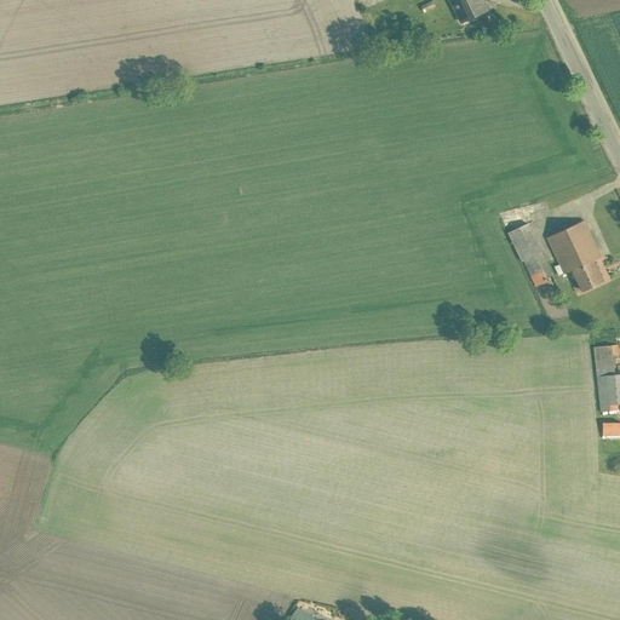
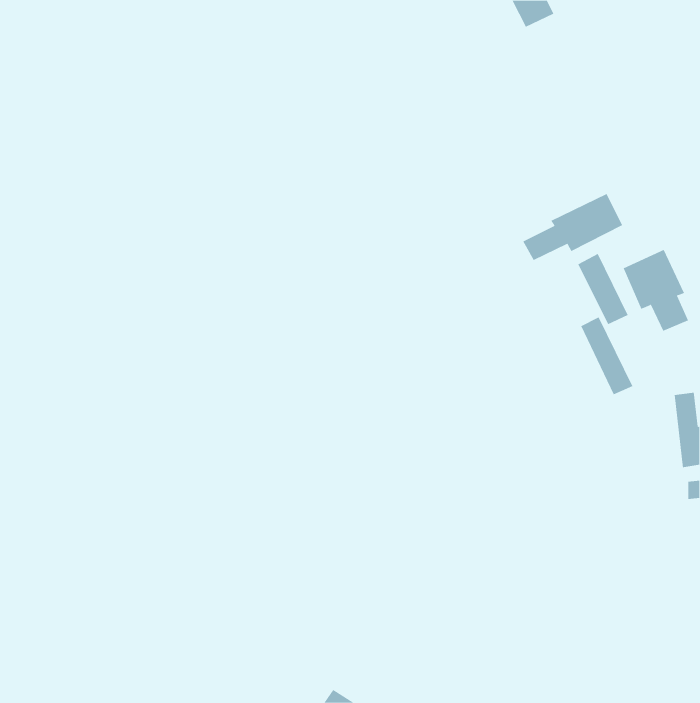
building: none -> [523,193,623,261]
building: none -> [581,316,633,395]

